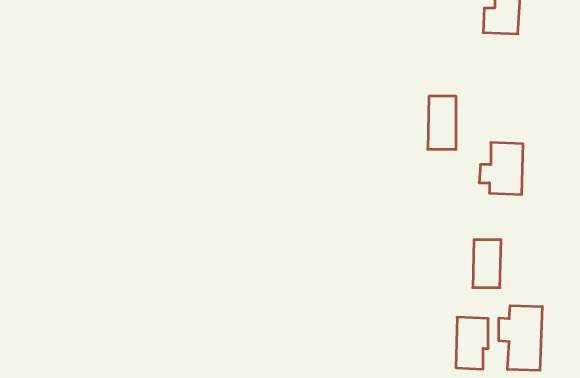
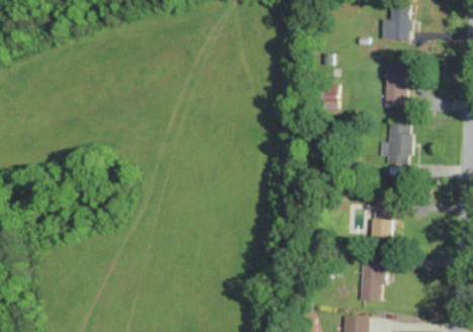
building: [428,96,456,149] -> [385,66,407,107]
building: [499,306,542,370] -> none

